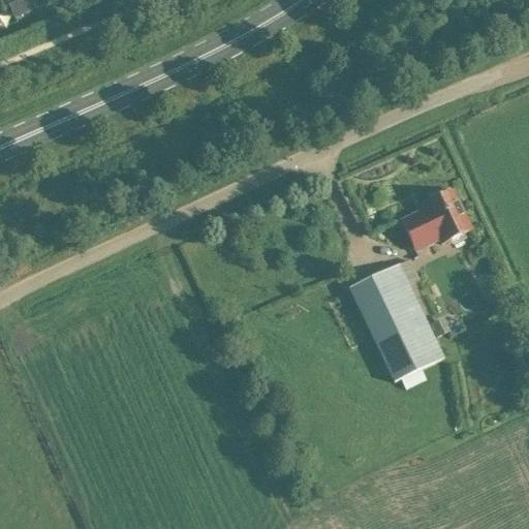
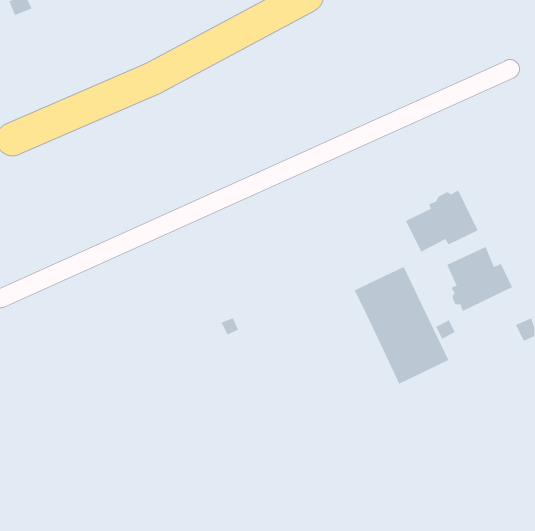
building: none -> [447,246,513,312]

